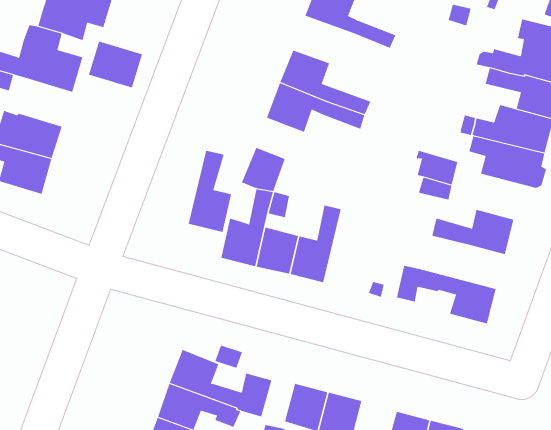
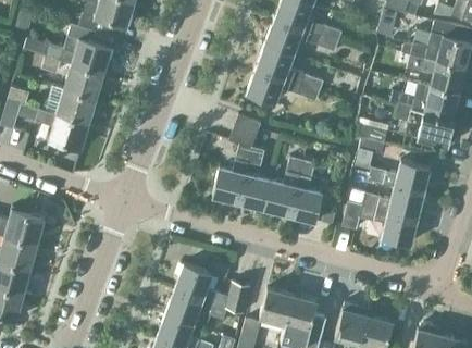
building: none -> [265,18,337,53]
building: [88,41,143,88] -> [63,65,103,100]
building: [188,150,232,233] -> [288,161,321,222]
building: none -> [361,187,422,220]

